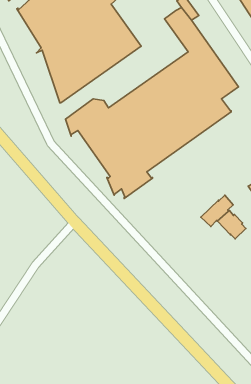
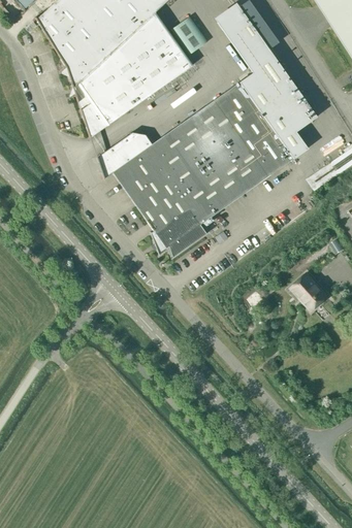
building: none -> [170,15,207,54]
building: [201,195,233,226] -> none

